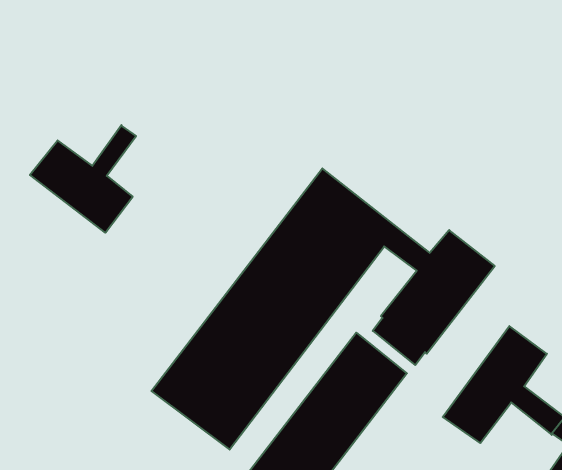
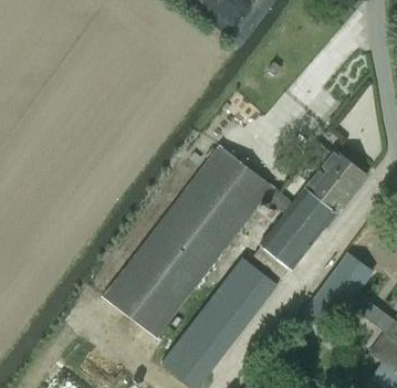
building: [30,125,136,233] -> none
building: none -> [304,143,366,211]

